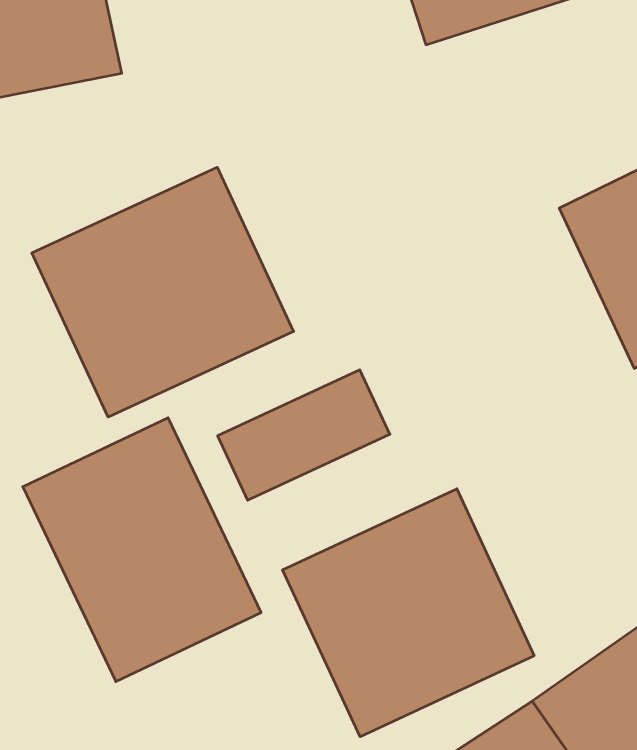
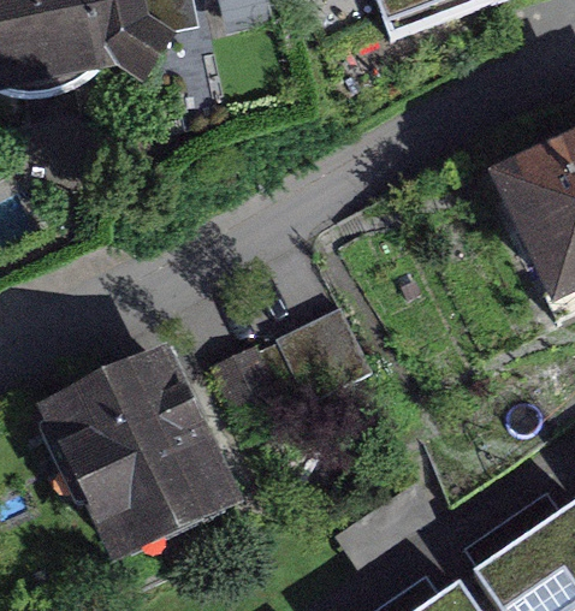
building: [32,167,294,417] -> none
building: [283,489,534,737] -> none

